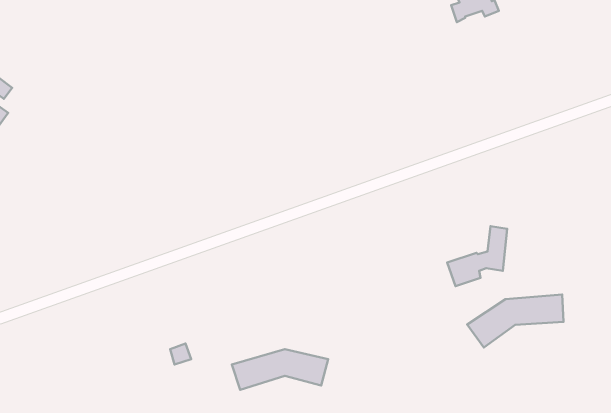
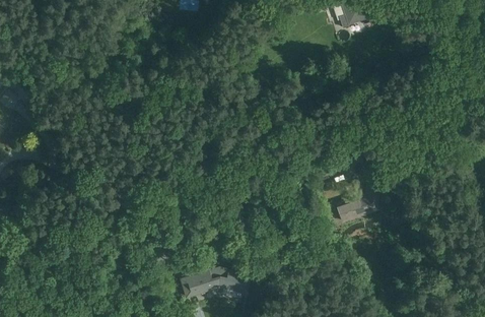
building: [467,294,563,347] -> none

